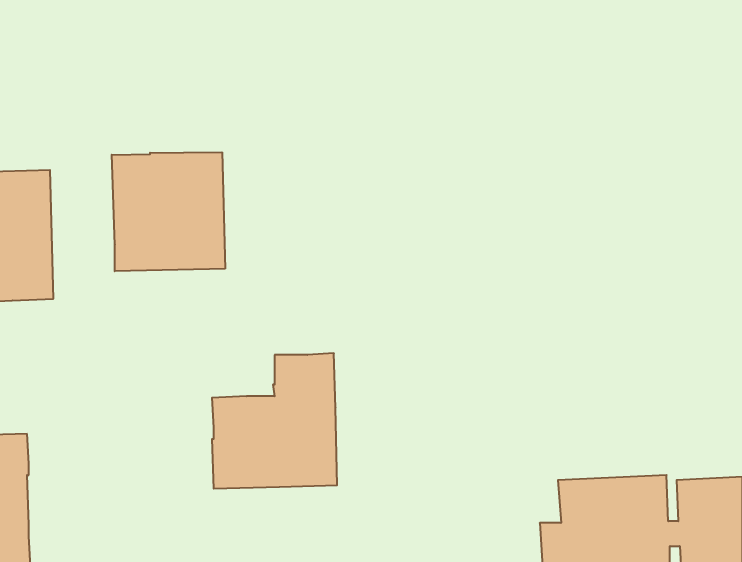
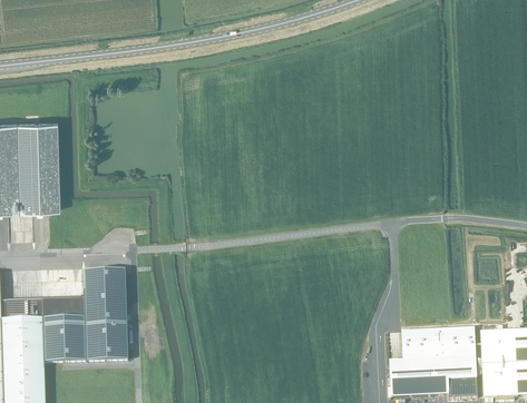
building: [112,152,225,271] -> none
building: [212,353,337,489] -> [41,269,126,361]

